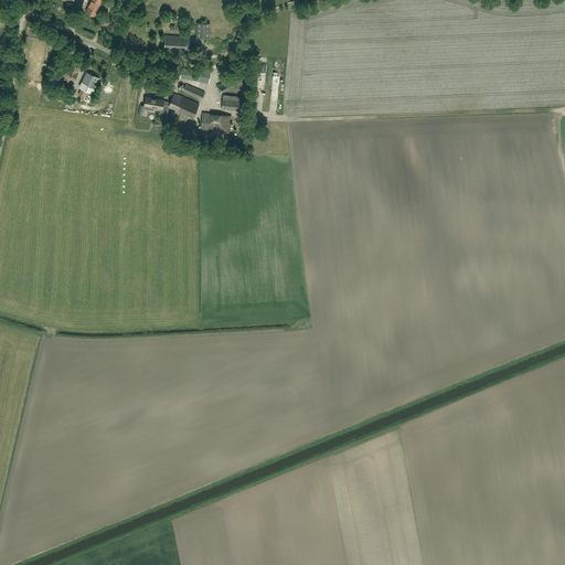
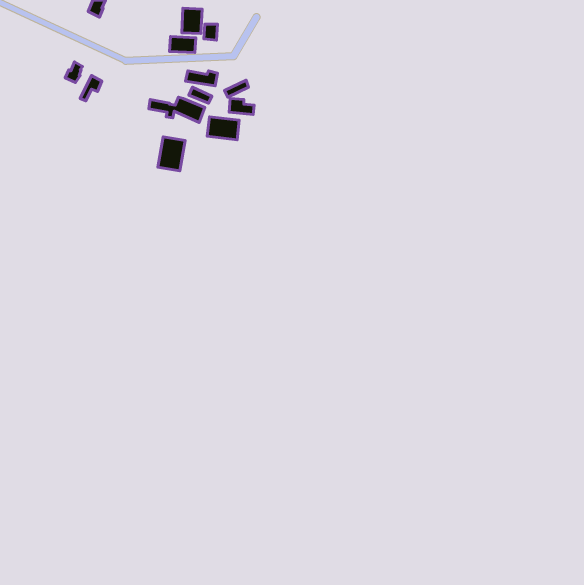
building: none -> [182,8,202,34]
building: none -> [158,137,185,171]

